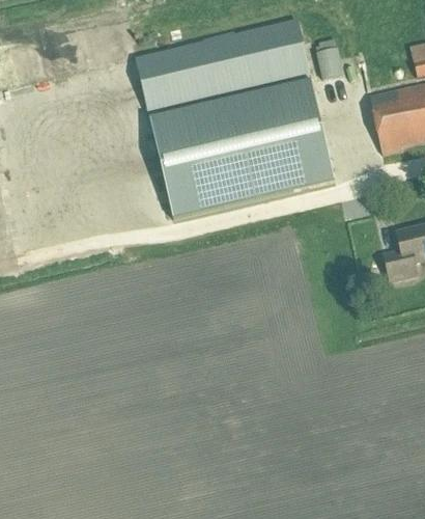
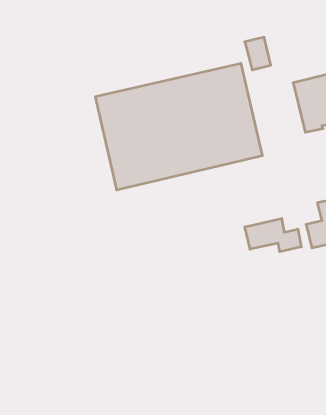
building: [135,19,311,113] -> none
building: none -> [245,218,301,252]

